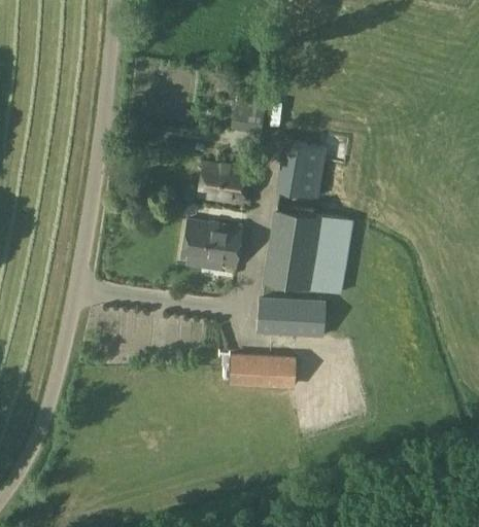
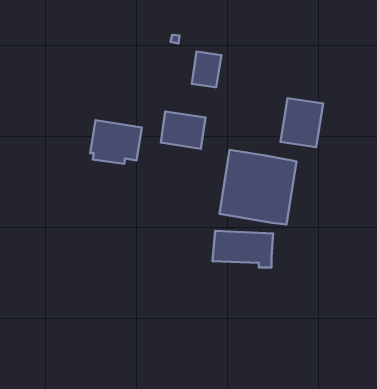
building: [275,140,324,197] -> [280,98,323,147]
building: [182,220,242,271] -> [90,120,142,164]
building: [228,353,297,389] -> none

